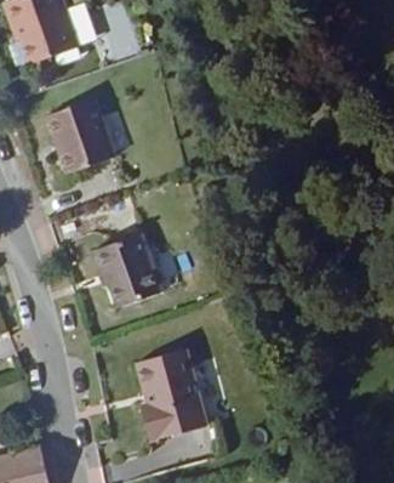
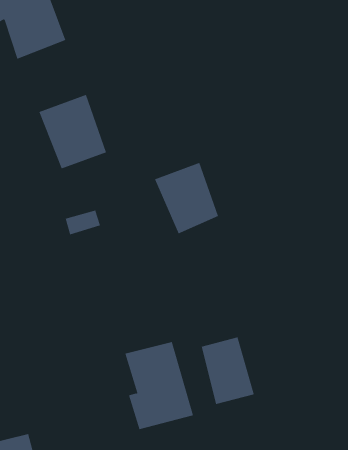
building: [98,233,164,306] -> [154,162,219,234]
building: none -> [201,336,254,405]

